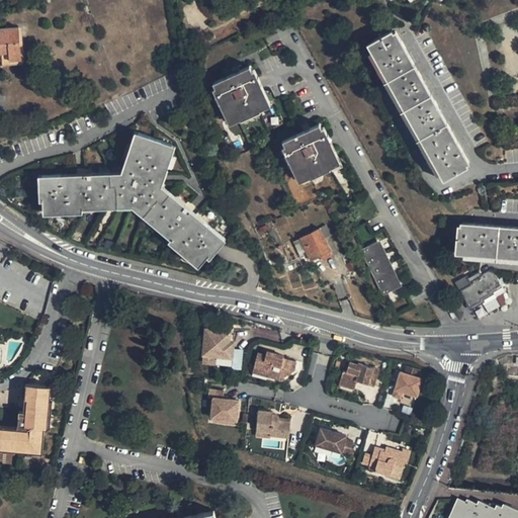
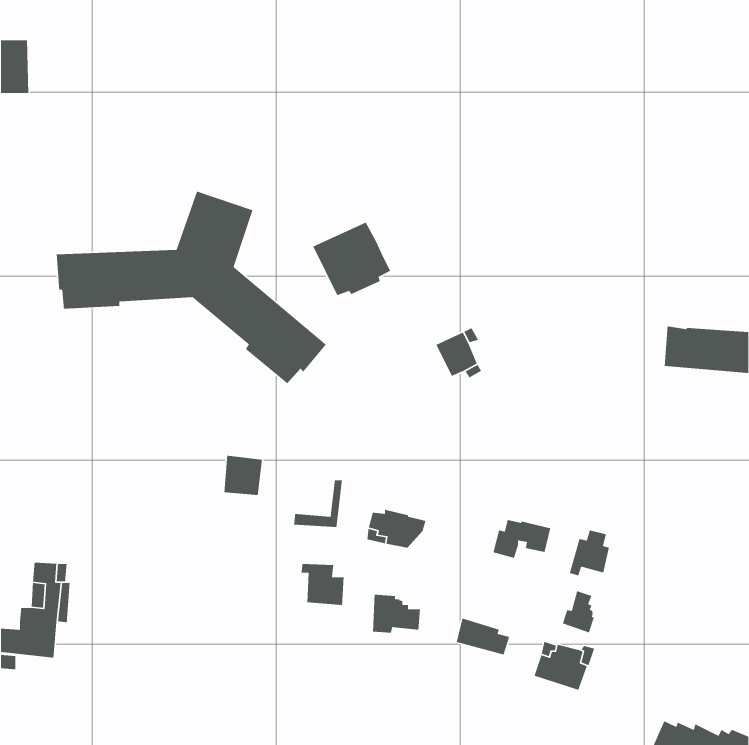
building: [366,33,466,182] -> none
building: [210,68,264,119] -> none
building: [279,125,334,177] -> [312,221,391,296]
building: [363,246,400,297] -> none
building: [456,272,500,310] -> none
building: [203,331,231,359] -> [223,455,263,496]
building: none -> [562,590,595,634]

